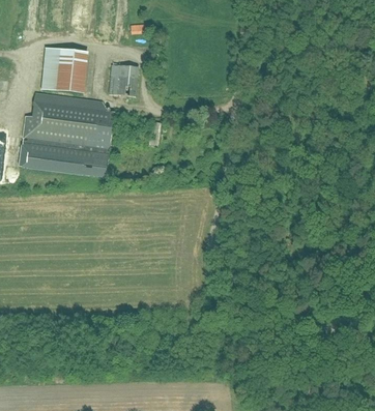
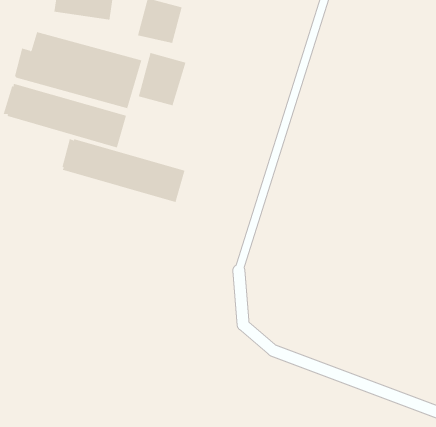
building: none -> [138,52,186,106]
building: none -> [62,138,185,203]

